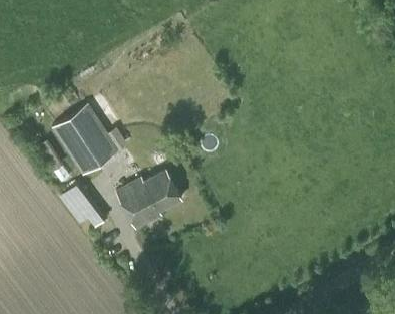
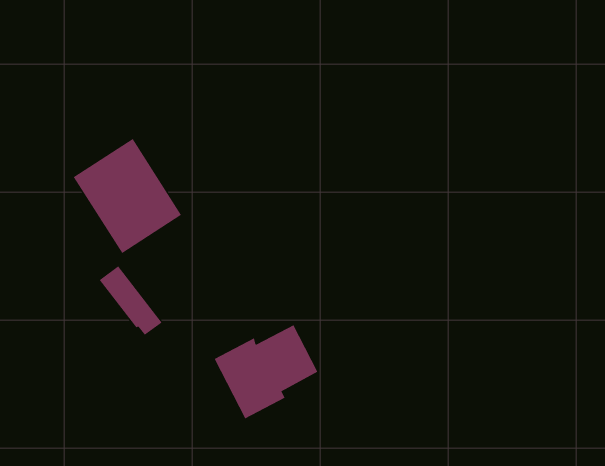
building: [117,171,181,229] -> [214,325,318,419]

